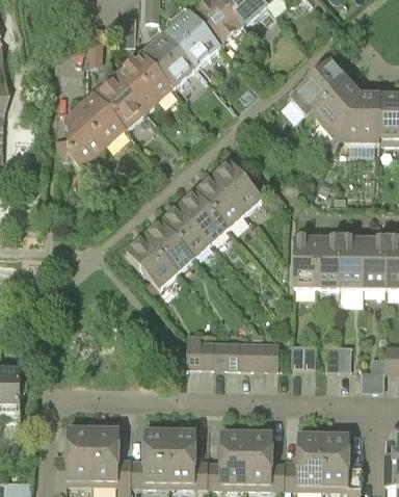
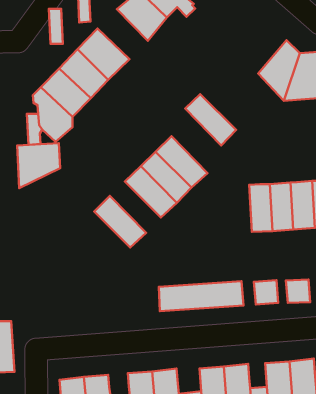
building: [140,30,194,86] -> none
building: [293,59,347,113] -> none
building: [212,160,266,218] -> [185,94,236,145]
building: none -> [17,143,60,188]
building: [139,220,193,279] -> none

